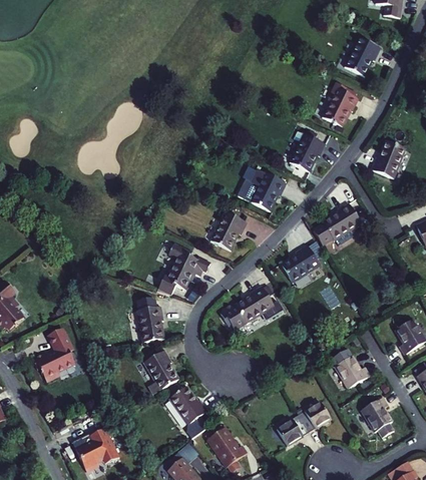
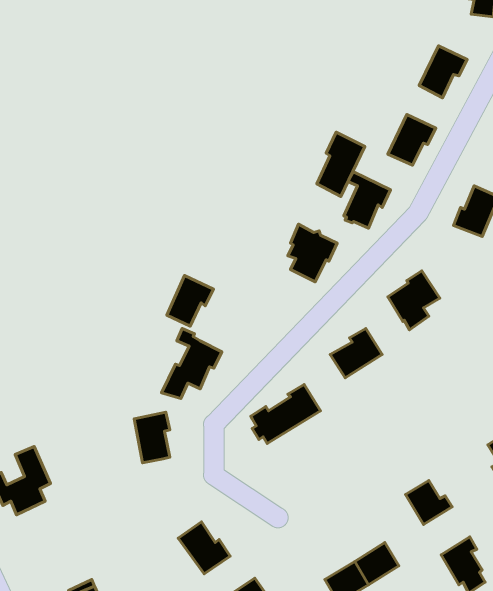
building: none -> [317,132,365,197]
building: [211,212,246,250] -> [167,275,213,326]
building: [143,350,177,390] -> none

